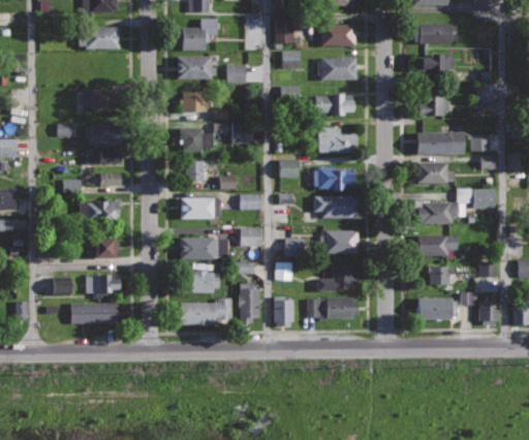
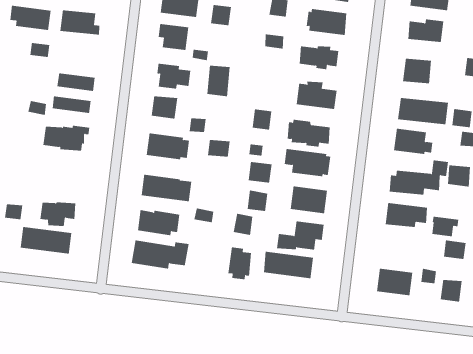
building: [86,126,125,146] -> [9,5,52,31]
building: [240,229,261,248] -> [248,161,272,183]
building: [91,238,116,258] -> none
building: [429,266,455,284] -> [431,216,459,237]
building: [239,283,260,323] -> none

